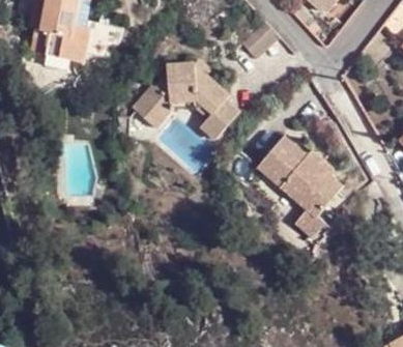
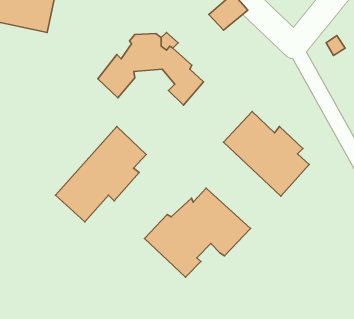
building: none -> [55,127,146,222]
building: none -> [144,188,251,277]

